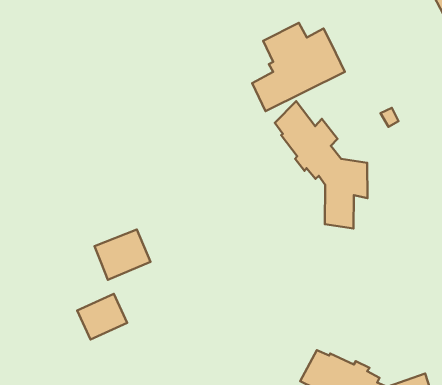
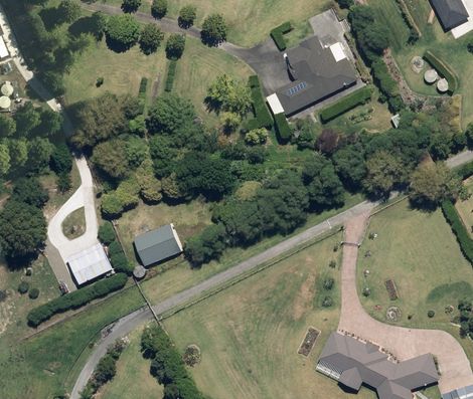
building: [275,101,367,229] -> none
building: [77,294,127,340] -> [67,243,113,284]

